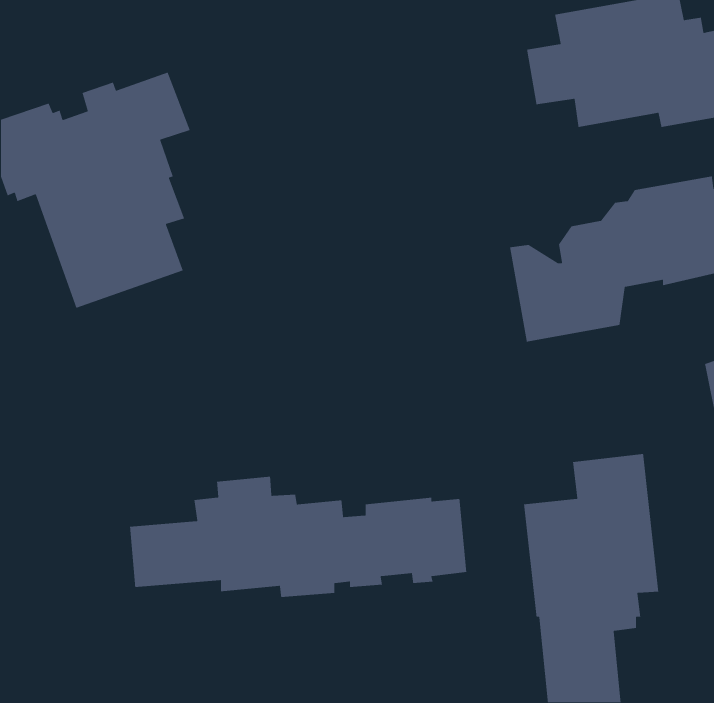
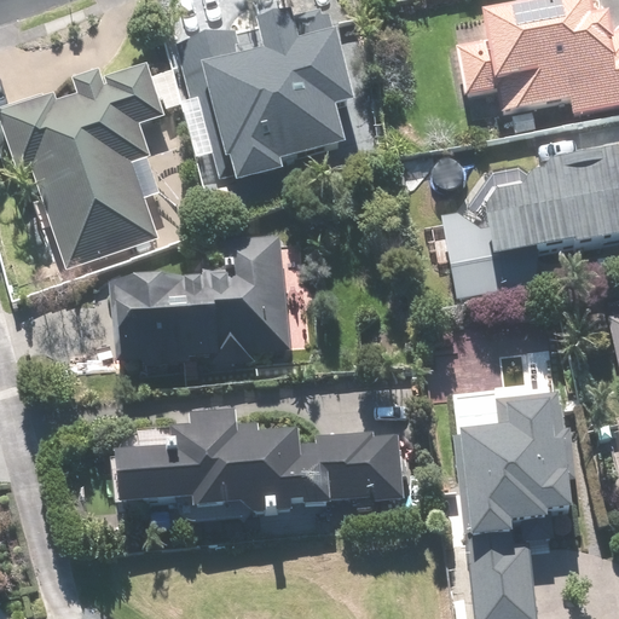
building: none -> [177,5,354,184]
building: none -> [109,231,293,365]

